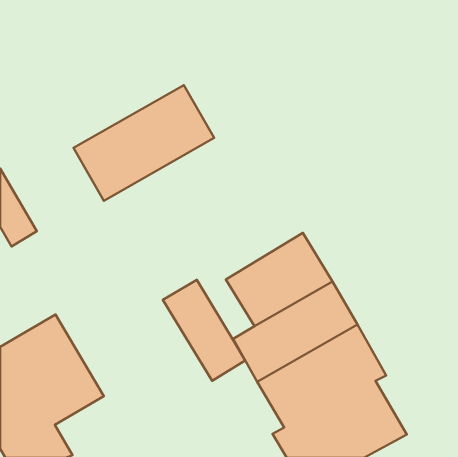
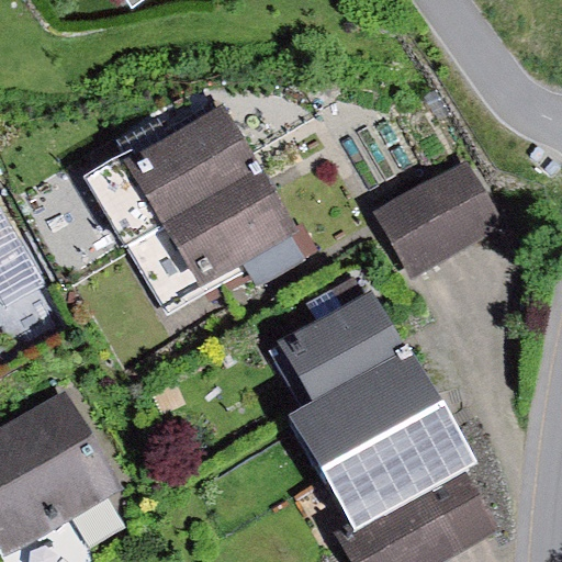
building: none -> [372,160,502,274]
building: none -> [127,170,297,310]
building: [163,280,245,381] -> none

